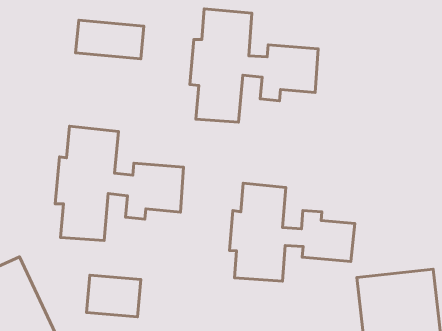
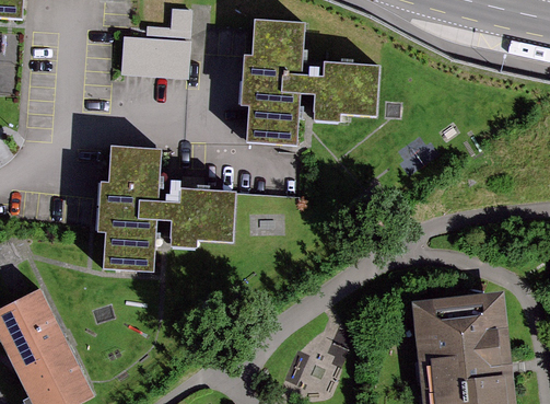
building: [230,183,355,281] -> none
building: [87,275,141,317] -> none

